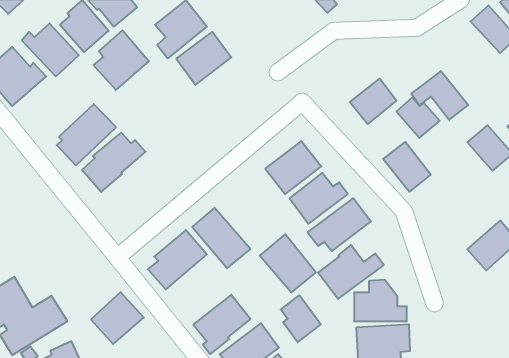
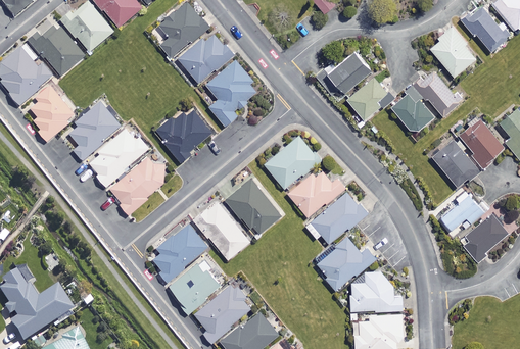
building: none -> [428,27,475,77]
building: [94,30,149,90] -> none
building: none -> [316,51,372,94]
building: none -> [206,59,257,126]
building: none -> [32,84,77,140]
building: none -> [155,110,212,162]
building: [383,142,431,192] -> [431,140,477,188]
building: none -> [109,152,173,213]
building: none -> [440,190,484,231]
building: [260,234,316,292] -> [226,180,280,236]
building: [91,292,144,344] -> [170,260,221,310]
building: [281,295,321,342] -> none

